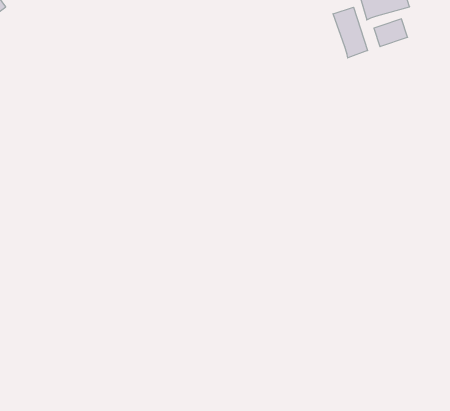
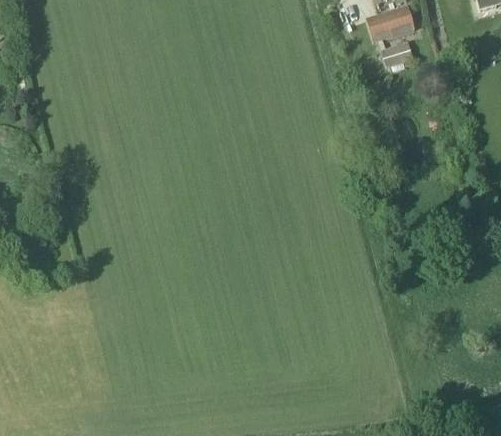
building: [333,7,368,58] -> none

